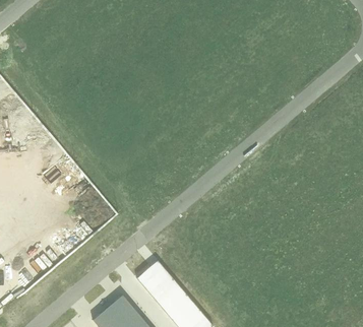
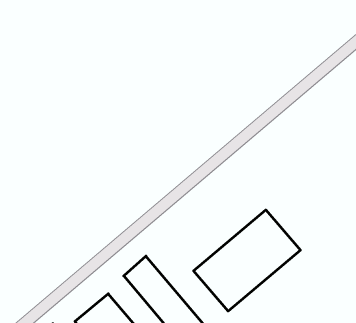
building: none -> [194,210,300,311]

